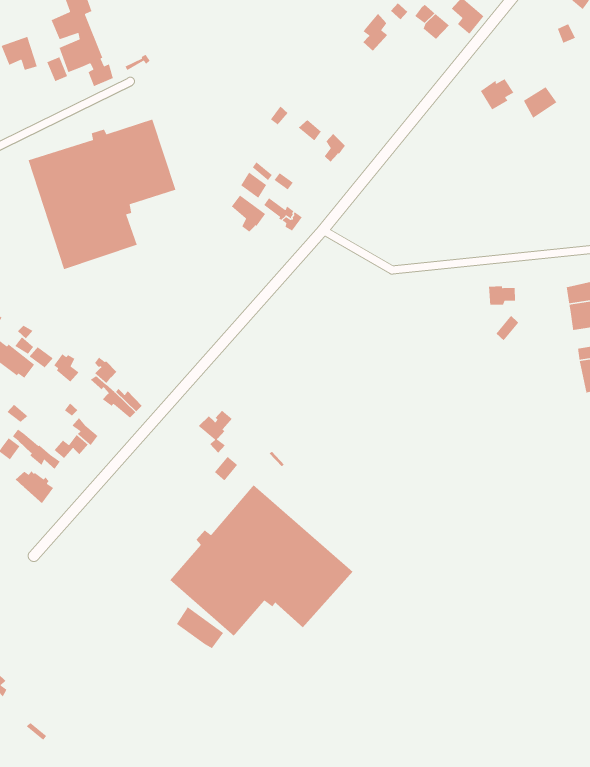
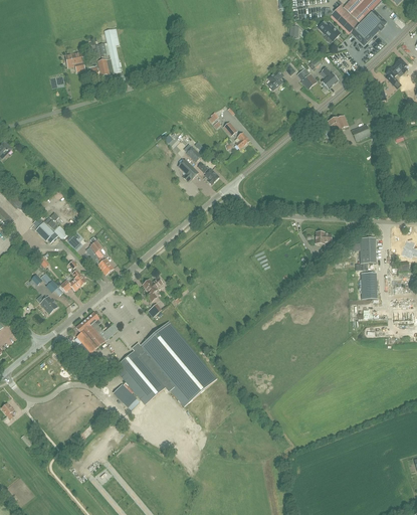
building: [27,119,176,270] -> none
building: none -> [75,312,118,352]

